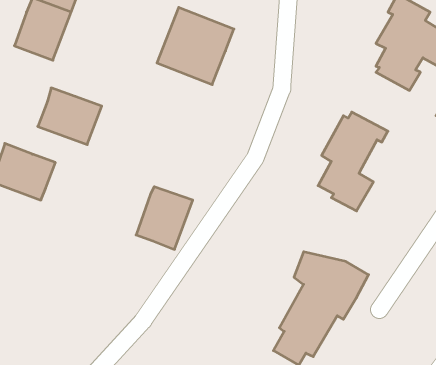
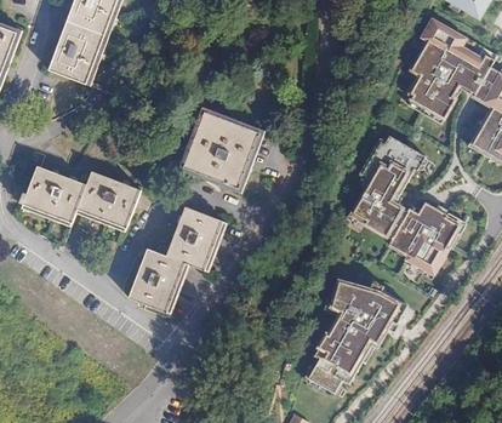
building: [157,7,234,85] -> [186,113,263,190]
building: [38,88,102,145] -> [78,173,142,230]
building: none -> [387,200,462,274]
building: none -> [130,252,186,315]

